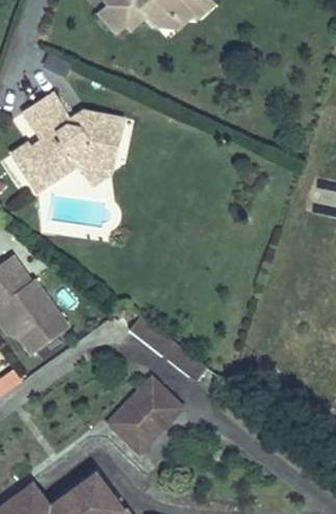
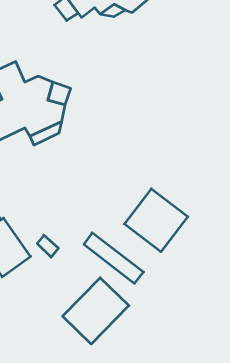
building: none -> [124,189,188,252]

